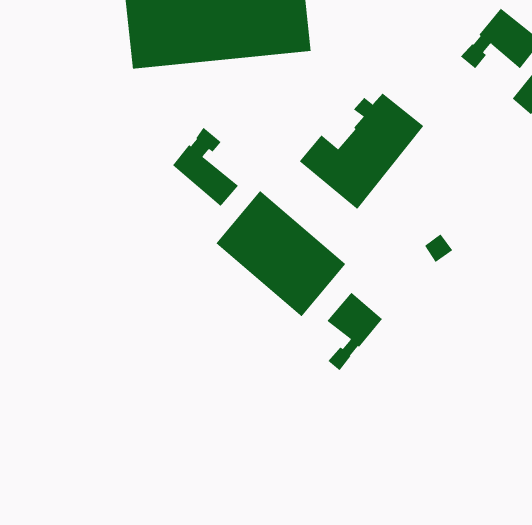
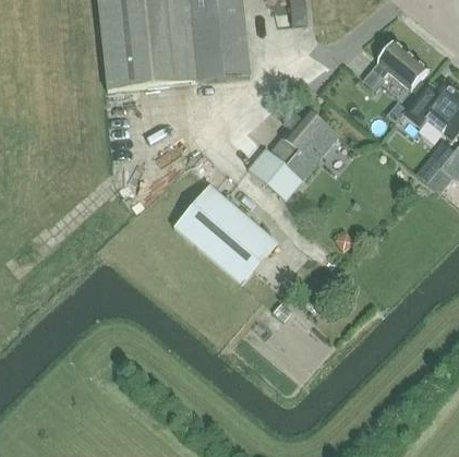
building: [172,127,239,207] -> none
building: [327,292,383,371] -> none

